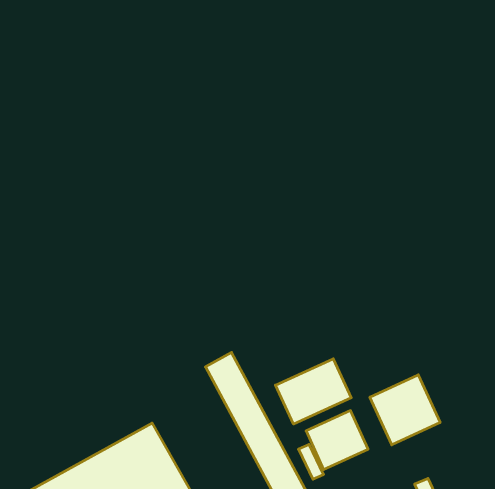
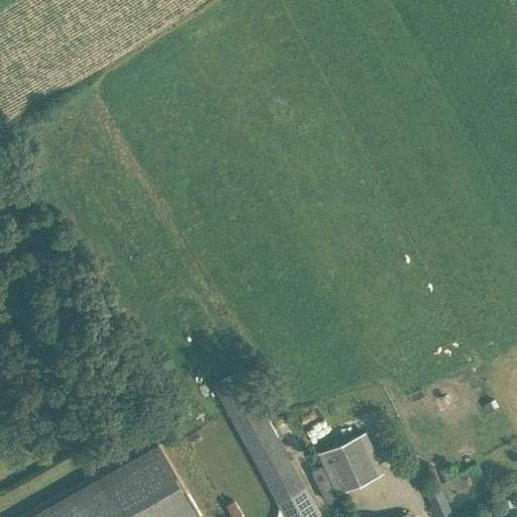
building: [275,359,351,424] -> none
building: [370,375,440,445] -> none

